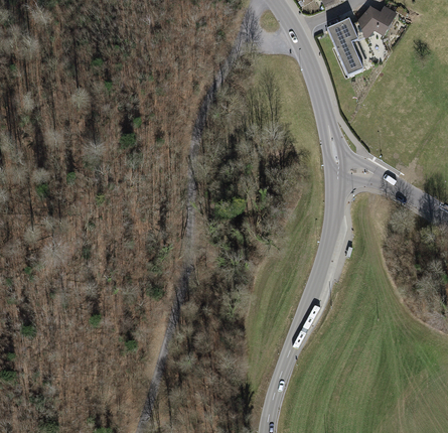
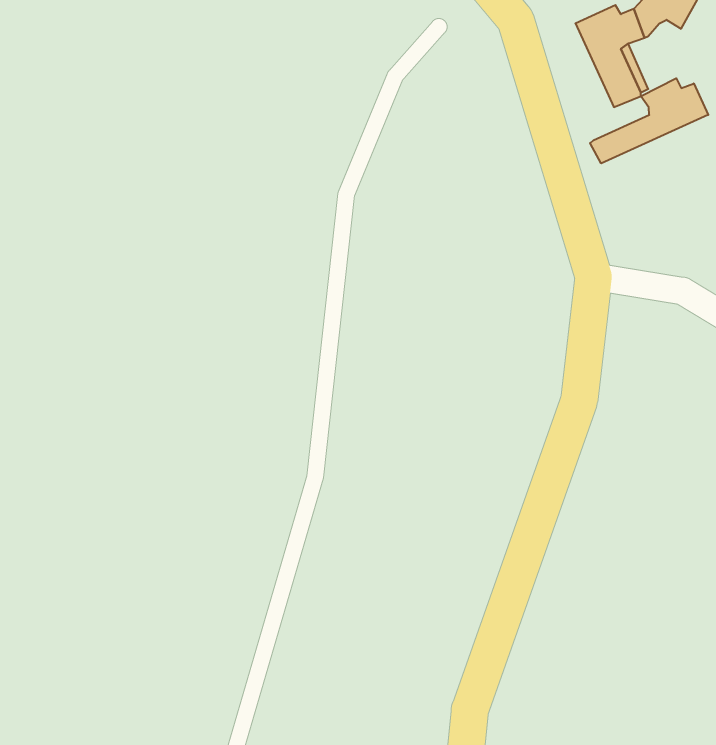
building: none -> [590,78,708,163]

